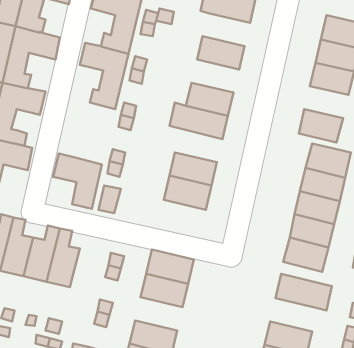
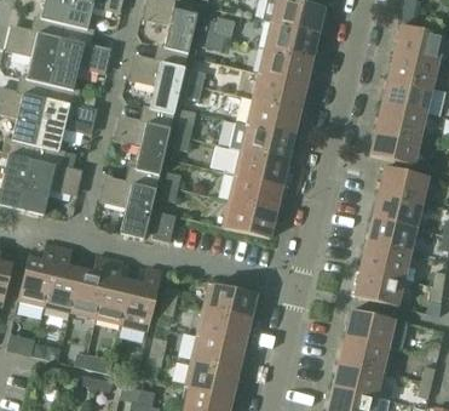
building: none -> [266,22,318,58]
building: none -> [254,73,306,109]
building: none -> [378,102,426,137]
building: none -> [117,115,171,188]
building: none -> [224,145,288,185]
building: none -> [121,267,162,329]
building: none -> [192,333,244,370]
building: none -> [340,335,392,371]

